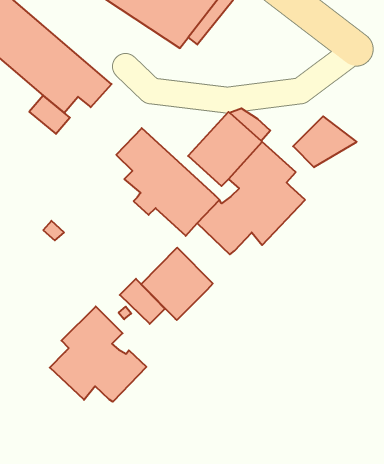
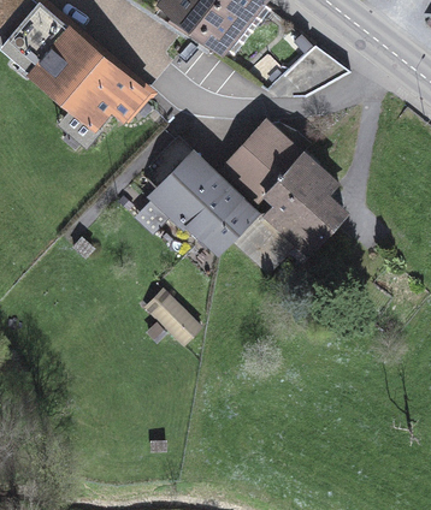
building: [293,116,357,167] -> [284,42,350,95]
building: [141,248,213,320] -> none
building: [50,306,146,402] -> none

